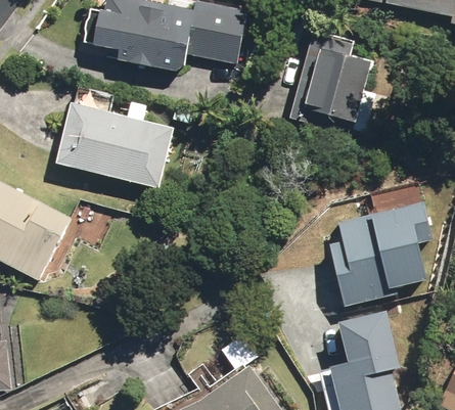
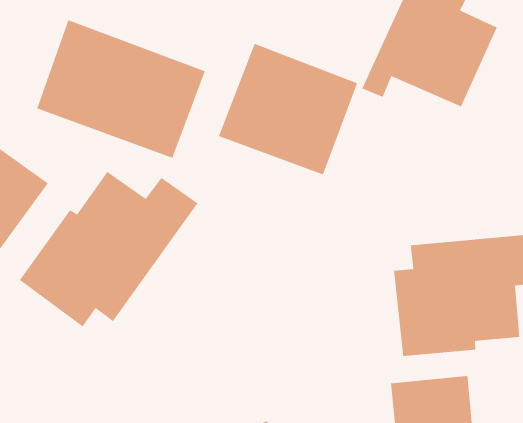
building: none -> [218,43,358,176]
building: none -> [19,171,199,328]

